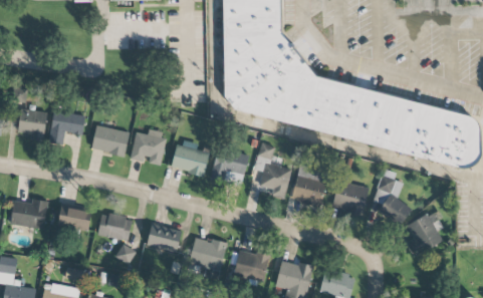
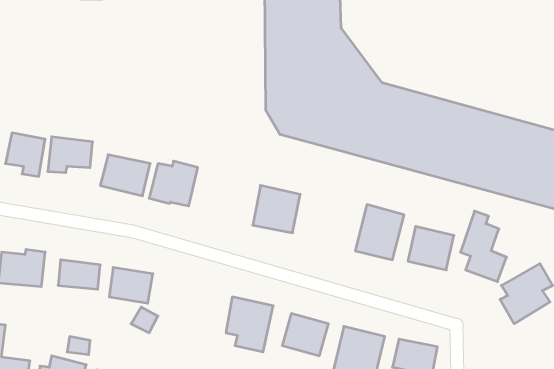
building: [172,140,209,175] -> none
building: [254,142,292,198] -> none
building: [147,223,183,253] -> none

